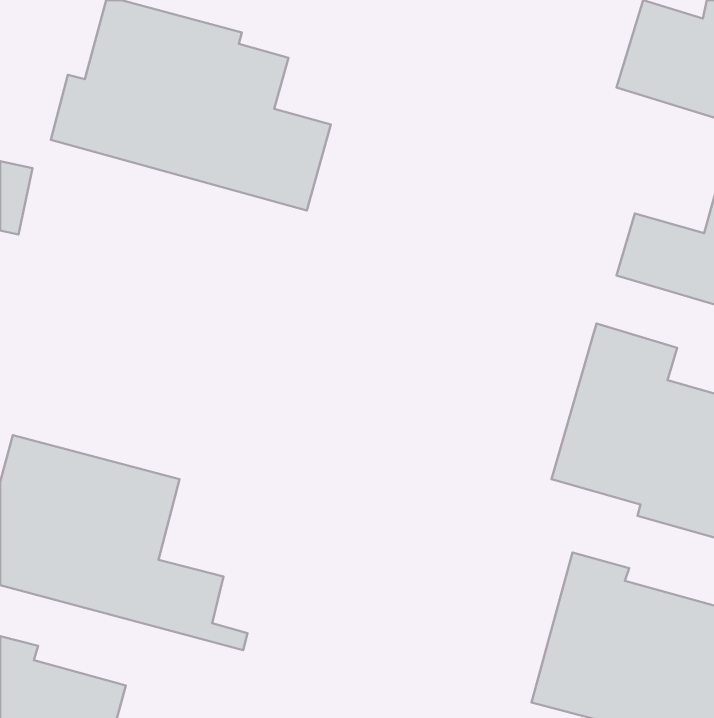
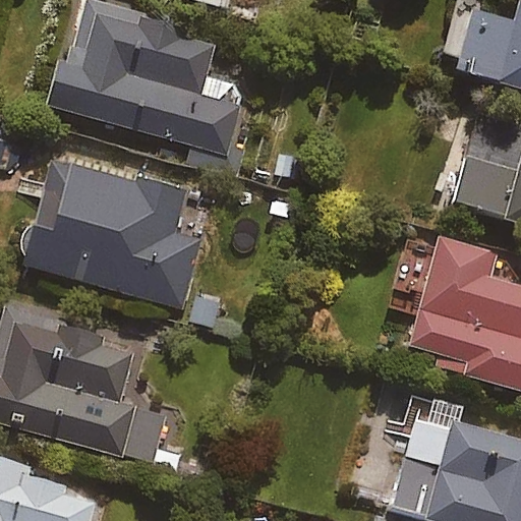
building: none -> [21,160,202,308]

